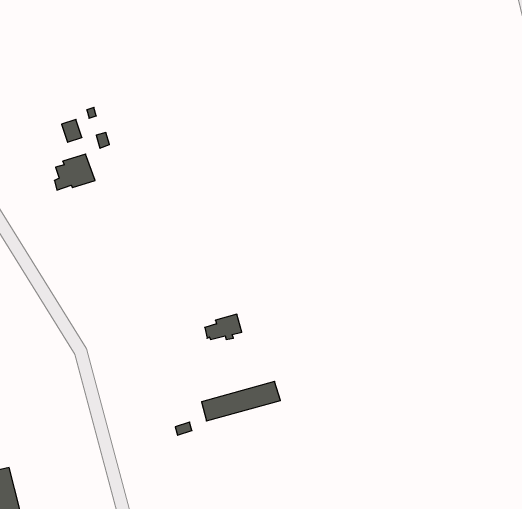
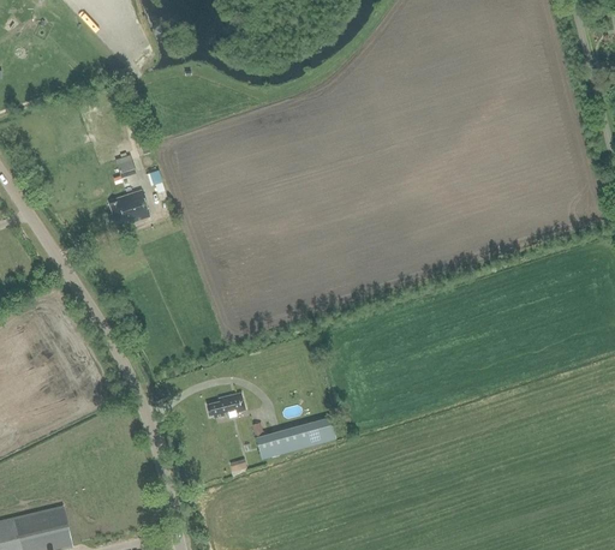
building: [205,314,242,339] -> [208,391,245,417]

